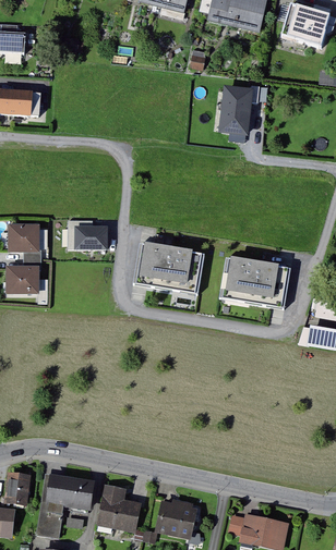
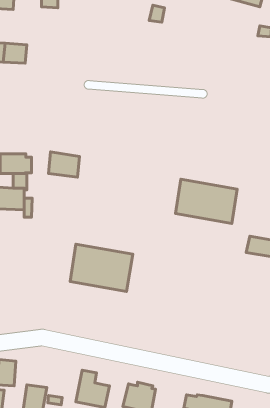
building: [219,85,253,134] -> none
building: [132,239,207,295] -> [70,244,133,291]
building: [40,474,93,509] -> none

